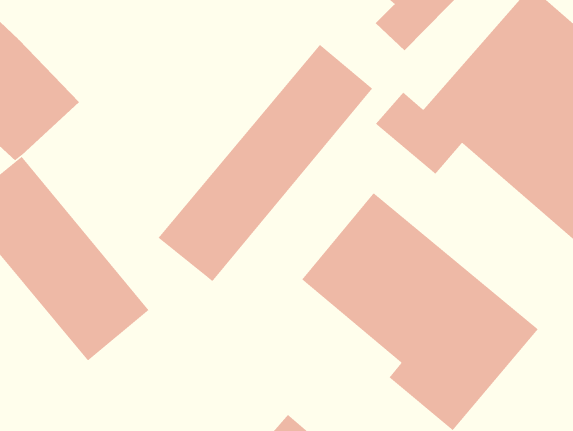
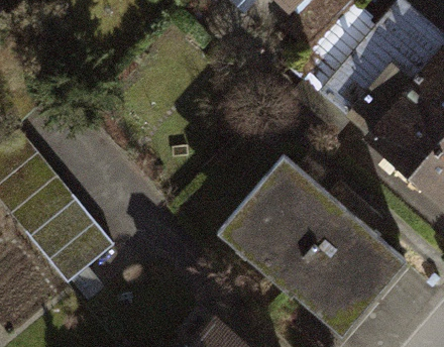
building: [158,44,373,282] -> none

